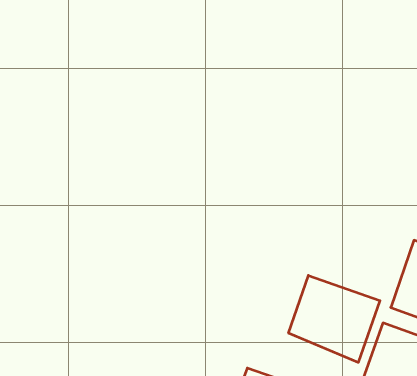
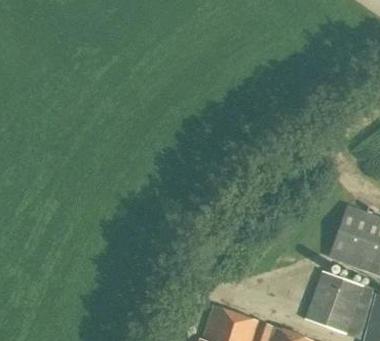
building: [289,275,380,362] -> none

